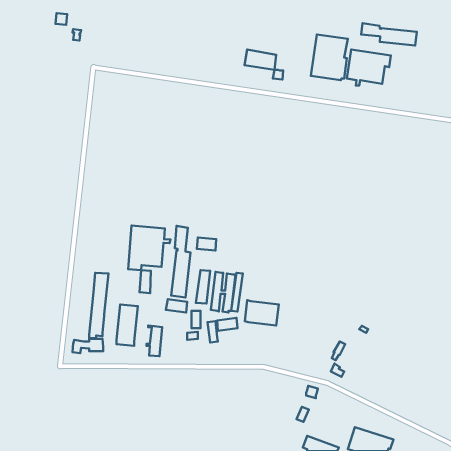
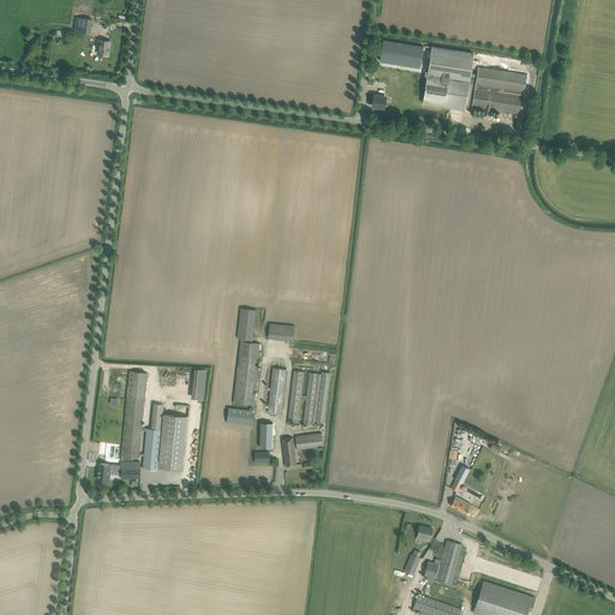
building: [361,23,417,46] -> none
building: [244,49,276,70] -> [380,40,423,67]
building: [128,226,170,270] -> none
building: [245,300,279,325] -> none
building: [146,325,162,356] -> [139,428,161,470]
building: none -> [424,539,462,585]

